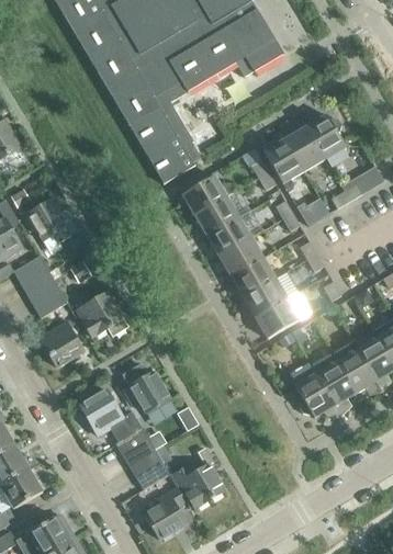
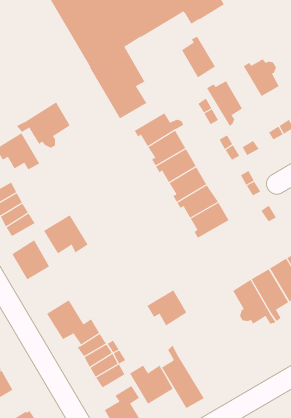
building: [285,123,325,171] -> [181,36,216,78]
building: none -> [16,101,71,148]
building: [252,298,301,338] -> none
building: [124,371,170,412] -> [147,289,187,326]
building: none -> [161,344,204,409]

